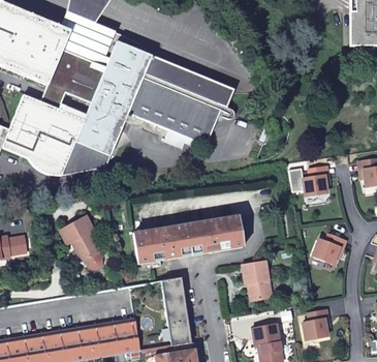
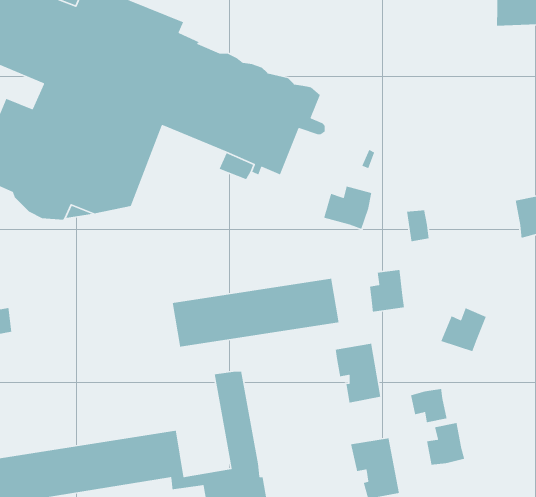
building: none -> [323,185,372,230]
building: [304,168,327,197] -> [369,269,405,313]
building: [60,214,102,268] -> none
building: none -> [410,388,448,423]

